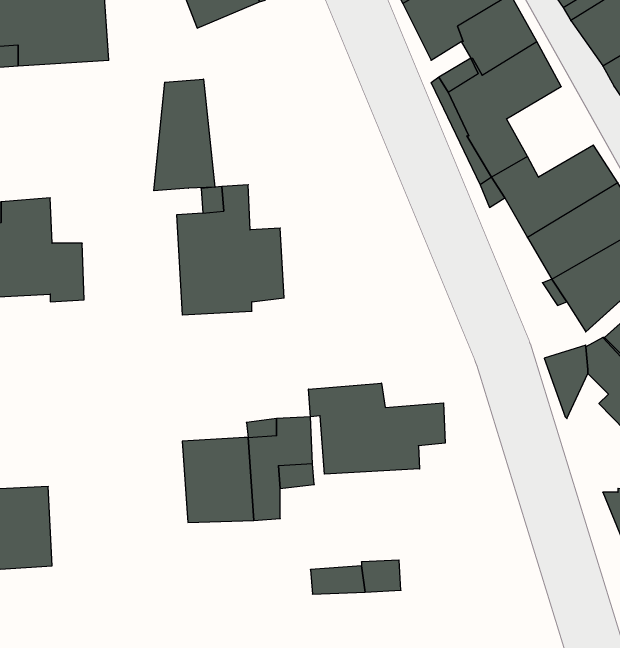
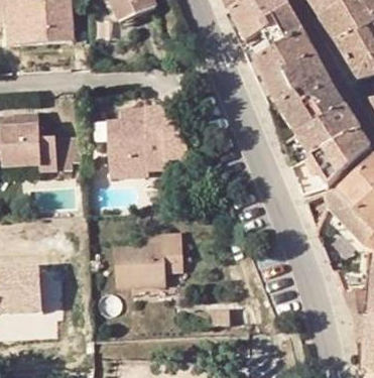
building: [154,79,215,191] -> none
building: none -> [286,54,333,103]
building: [309,383,445,474] -> none

